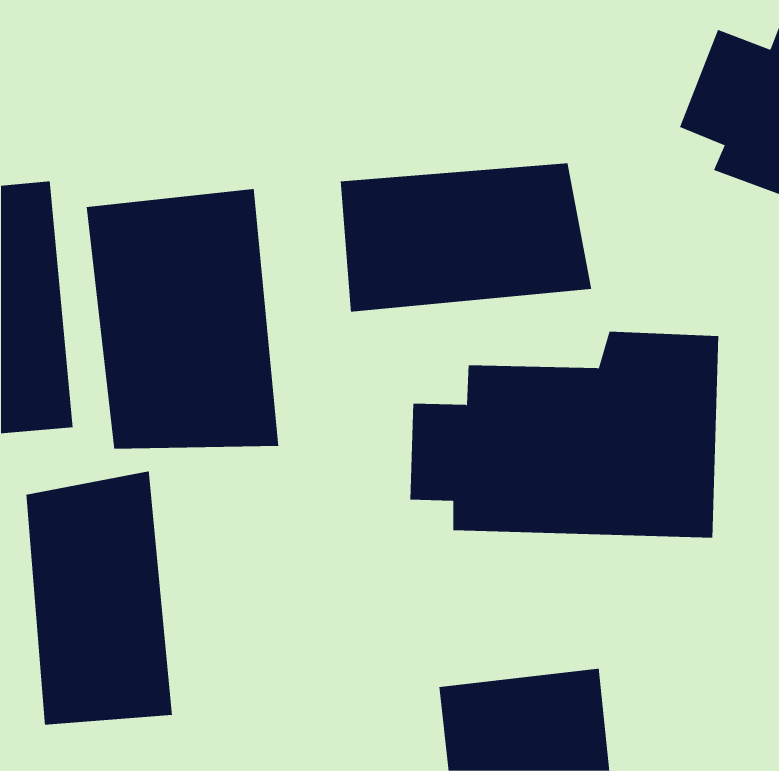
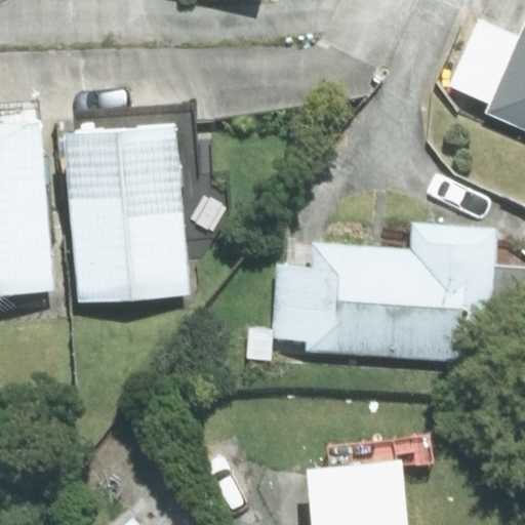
building: [340,163,592,313] -> none
building: [26,470,172,725] -> none

